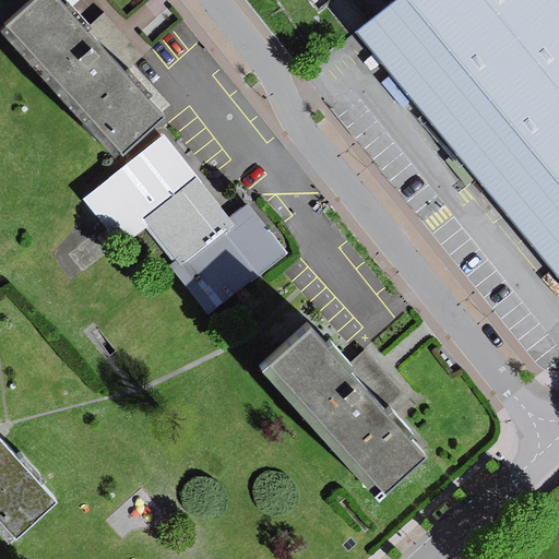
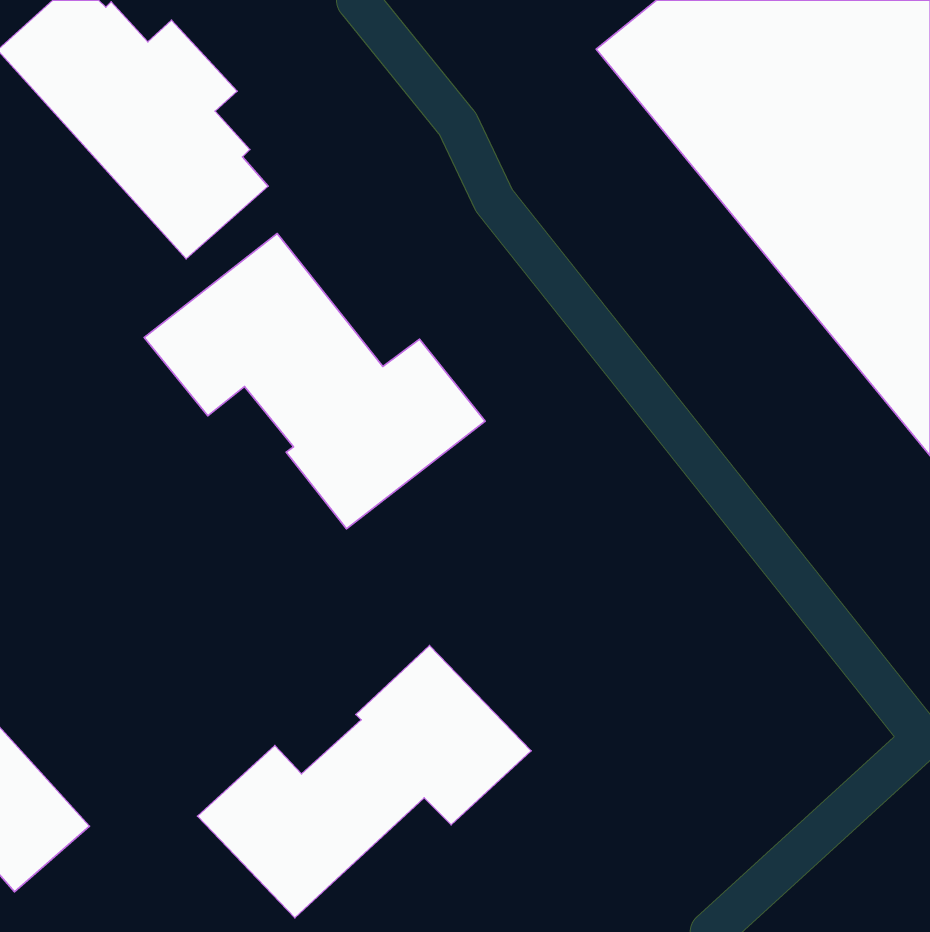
building: [260,323,421,491] -> none
building: none -> [197,645,531,918]

